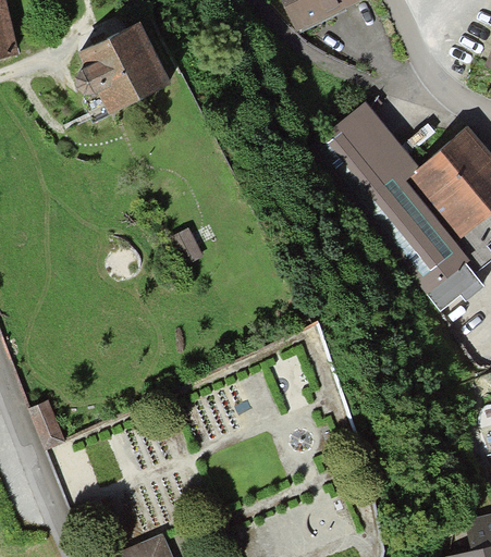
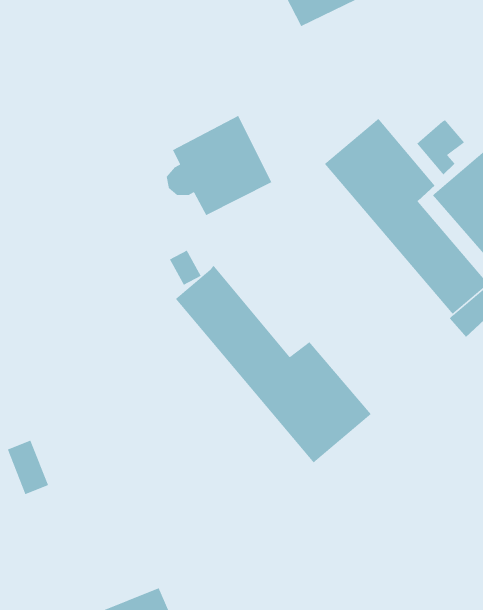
building: [78,18,174,110] -> [166,115,272,216]
building: none -> [416,119,465,176]
building: none -> [175,265,372,464]

